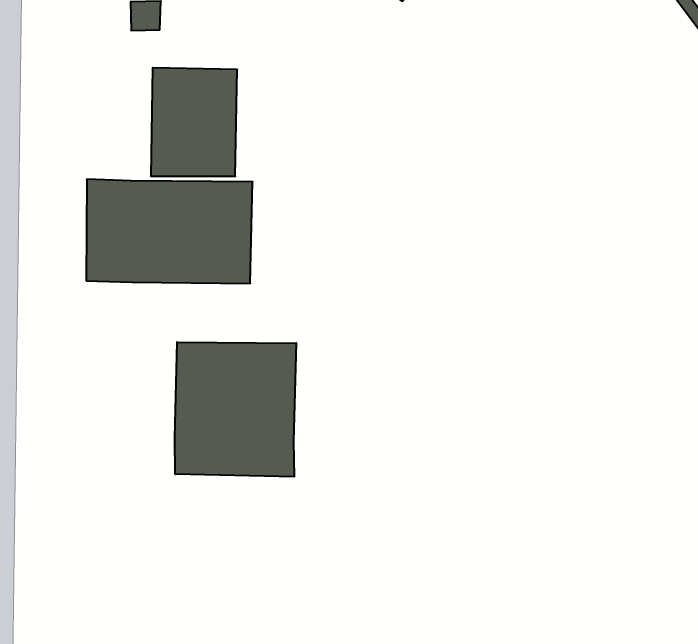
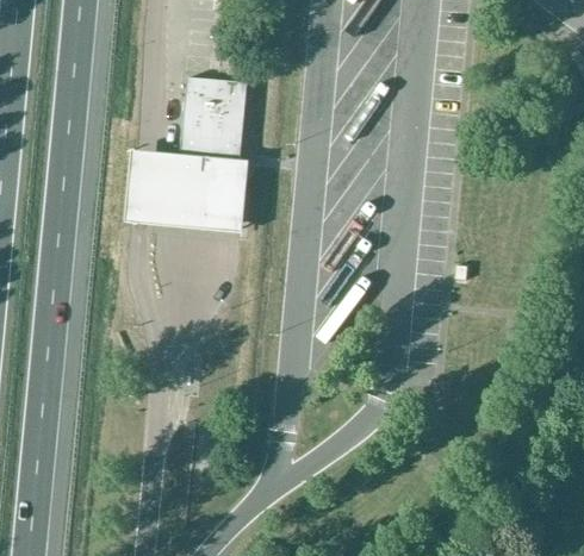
building: [175,342,296,477] -> none

